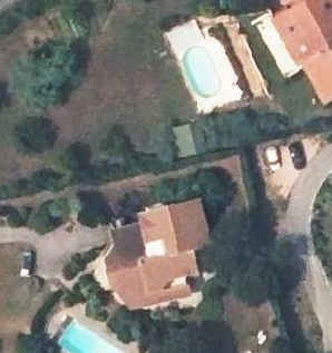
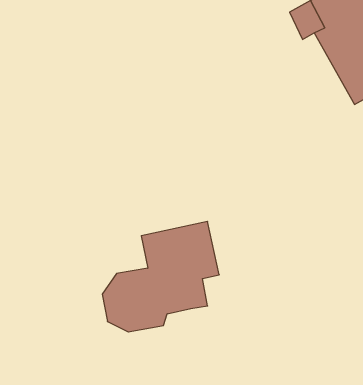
building: [127,276,185,310] -> none

